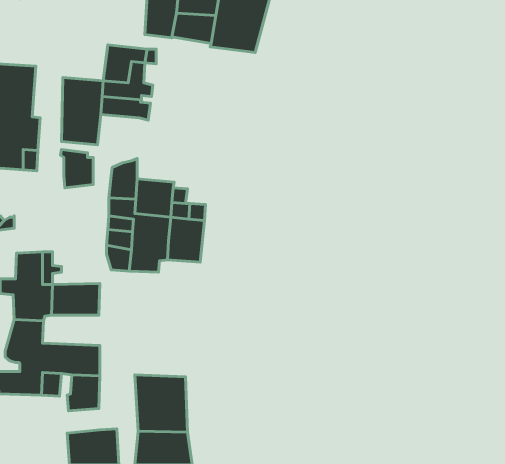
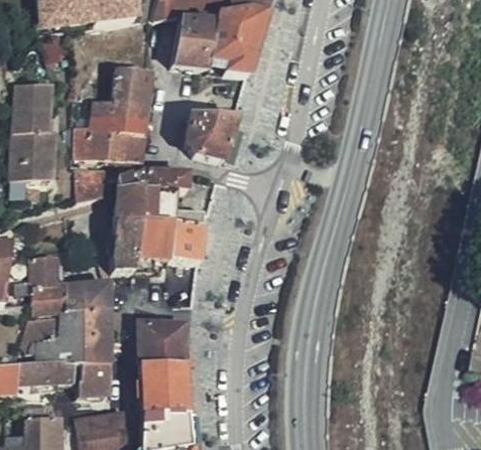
building: none -> [187,114,236,162]
building: none -> [107,132,144,163]
building: none -> [142,166,188,192]
building: none -> [57,311,127,349]
building: none -> [138,321,186,366]
building: none -> [24,404,63,439]

